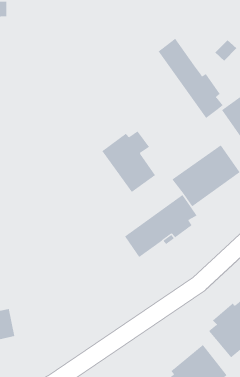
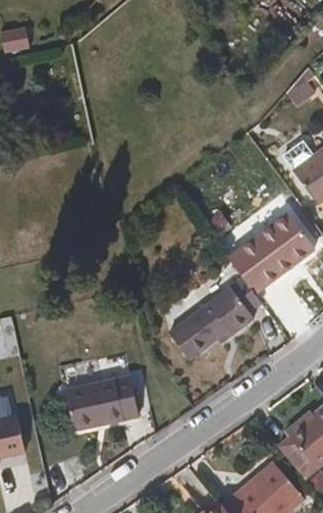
building: [158,38,224,119] -> none
building: [102,131,156,193] -> none
building: none -> [67,372,141,425]

